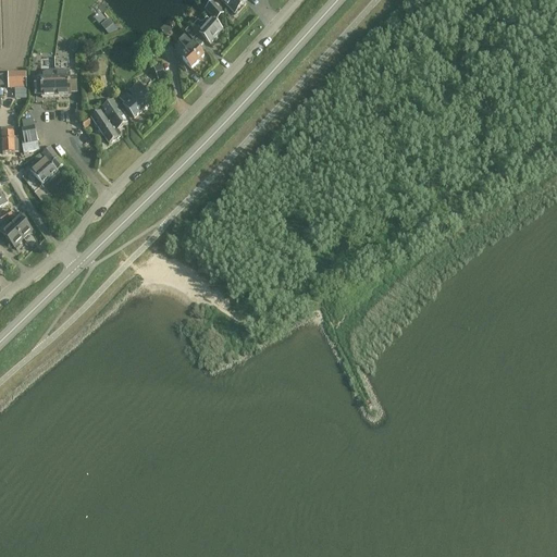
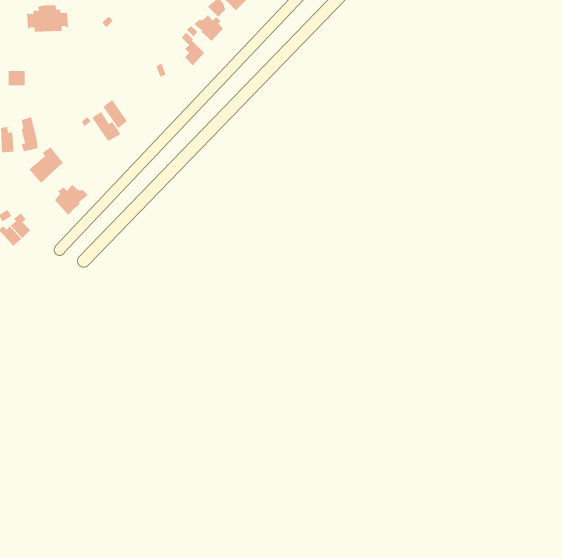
building: [34,67,76,95] -> [26,5,69,32]
building: [119,81,151,115] -> none
building: none -> [54,184,89,215]

